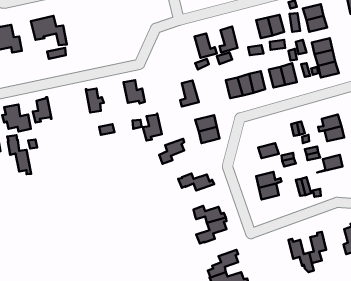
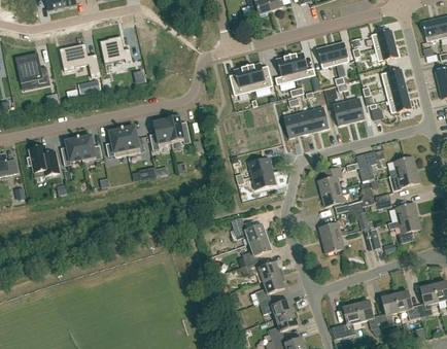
building: none -> [100,35,133,62]
building: none -> [290,51,316,79]
building: [180,81,199,107] -> [233,66,254,96]
building: none -> [106,127,128,156]
building: none -> [78,134,102,161]
building: [143,114,162,141] -> [149,118,171,149]
building: none -> [317,166,342,194]
building: [7,135,31,174] -> none
building: [159,139,184,164] -> [242,236,271,265]
building: none -> [388,215,420,243]
building: none -> [393,288,421,319]
building: none -> [259,299,296,318]
building: none -> [333,300,360,338]

